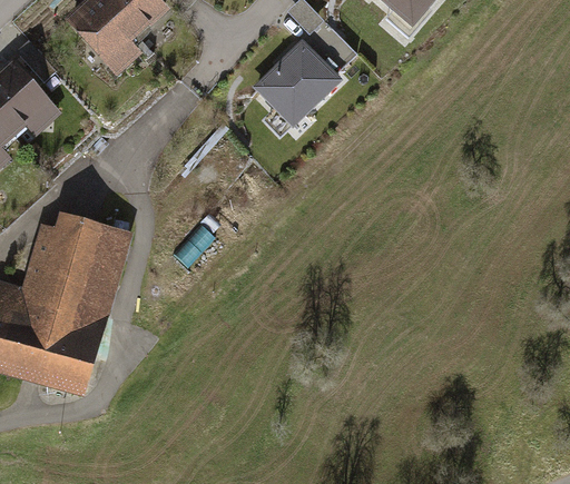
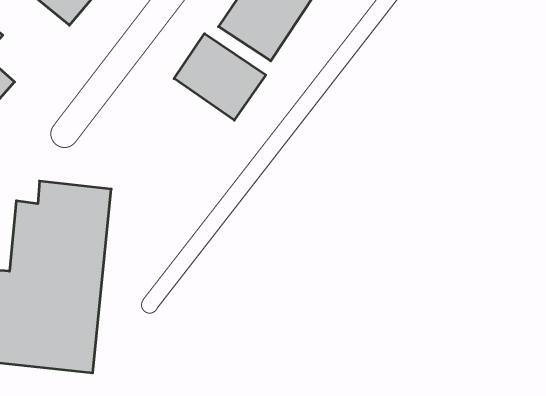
building: none -> [174,34,266,120]

